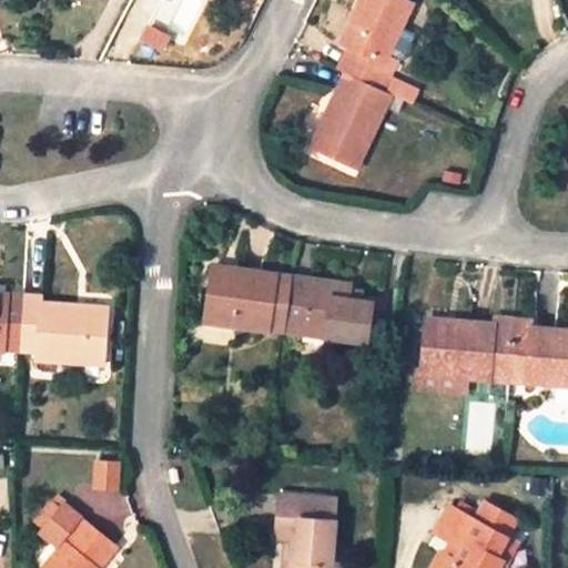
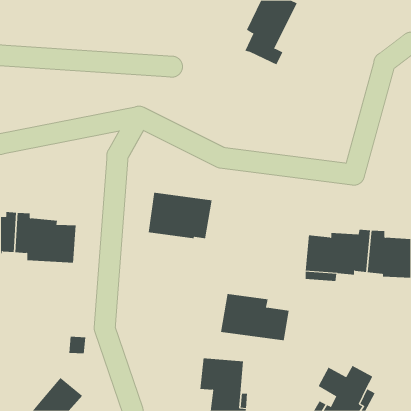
building: [311,72,390,166] -> none
building: [284,276,379,342] -> [220,294,289,341]
building: [37,503,83,550] -> none

